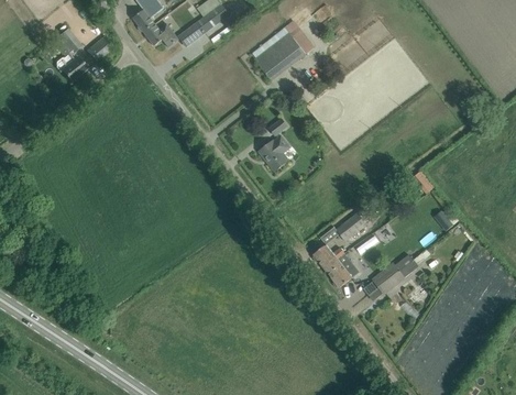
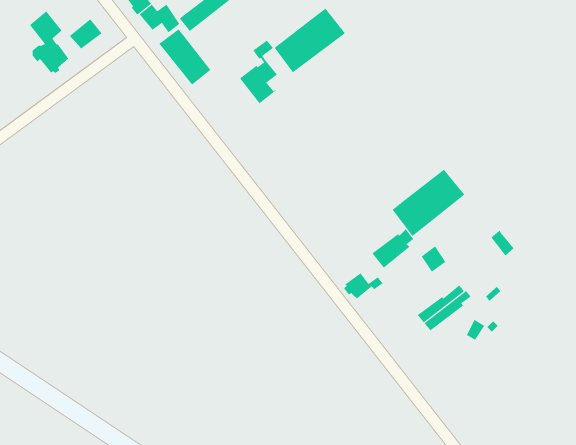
building: none -> [159,29,211,86]
building: [259,119,290,172] -> [239,40,278,104]
building: none -> [392,169,465,237]
building: [323,253,356,287] -> none

